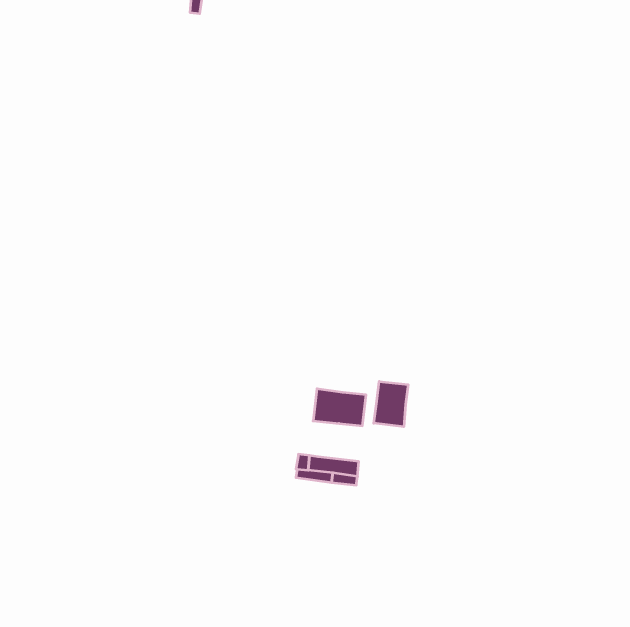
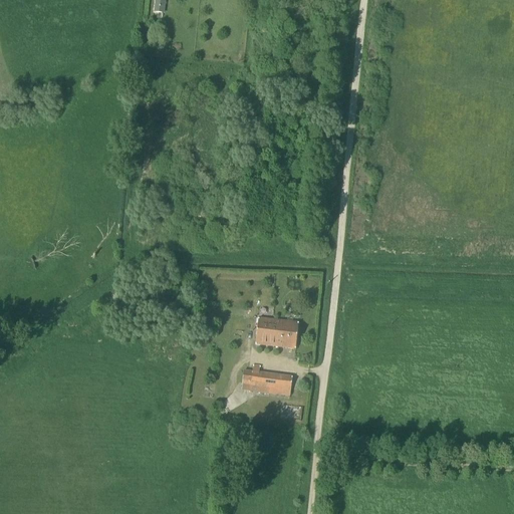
building: [374,381,408,427] -> none

